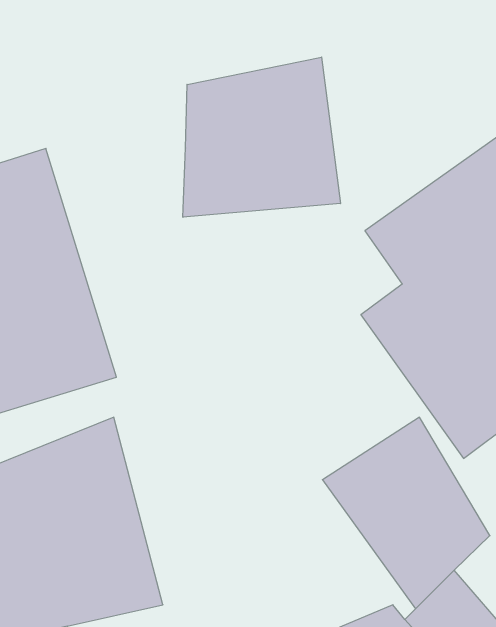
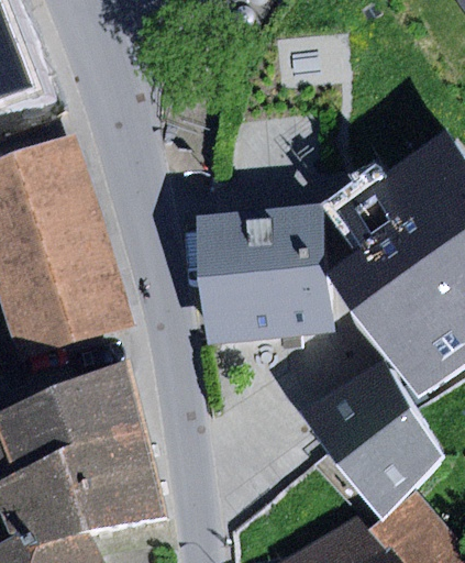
building: [183,57,340,217] -> none
building: none -> [200,208,333,344]

